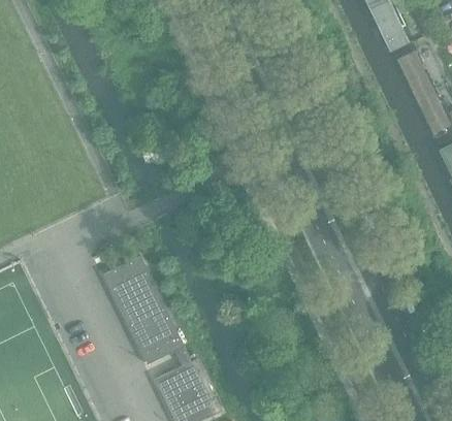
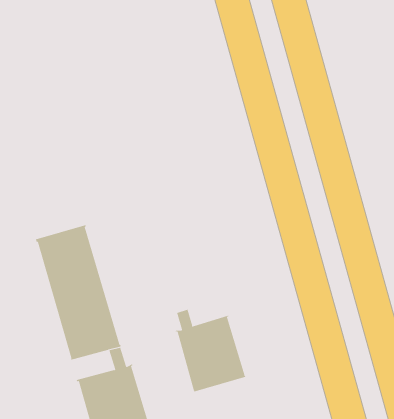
building: none -> [175,309,247,393]

